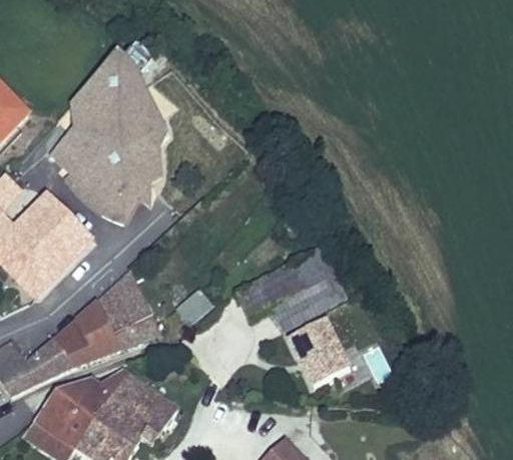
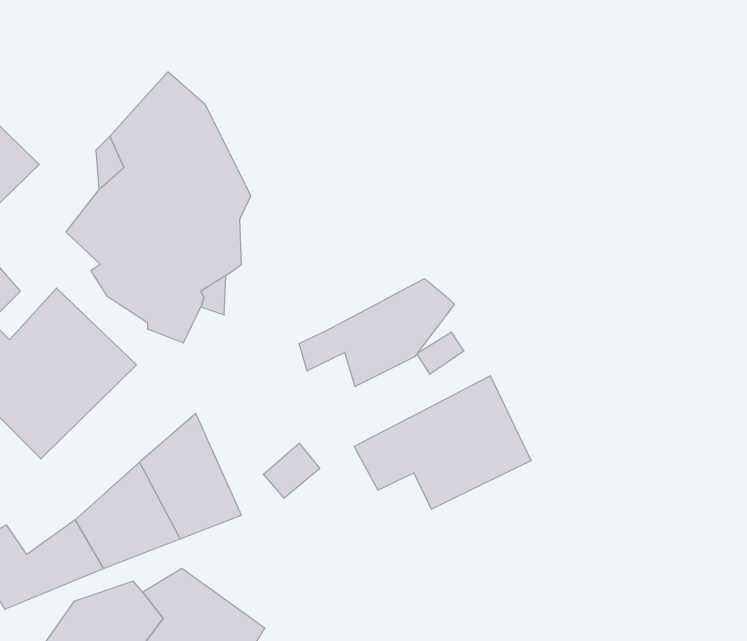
building: none -> [299,279,454,387]
building: [285,316,350,388] -> none

